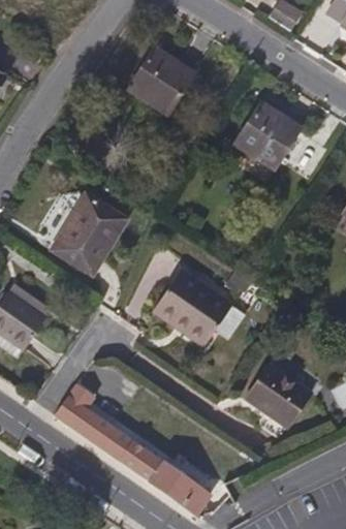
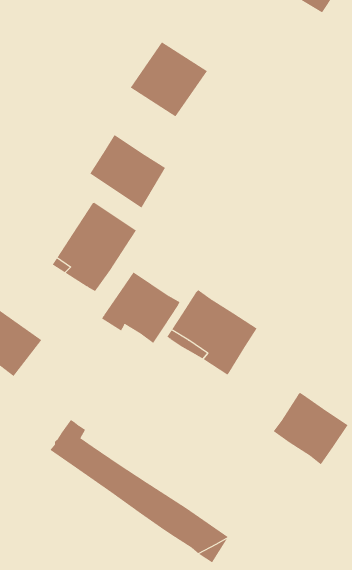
building: [235,111,301,176] -> none
building: none -> [90,134,166,208]
building: none -> [101,272,180,344]

